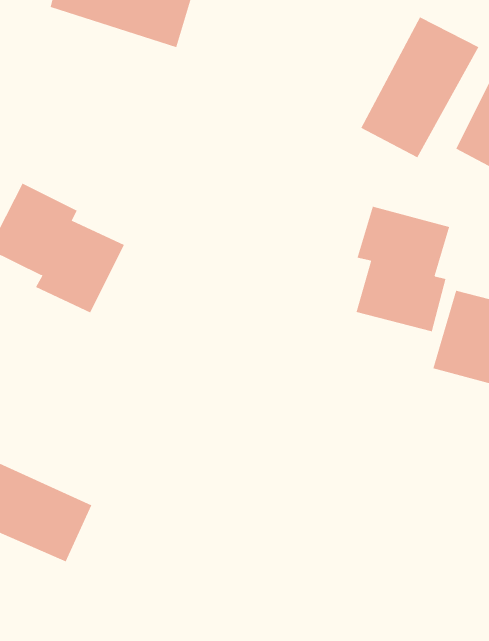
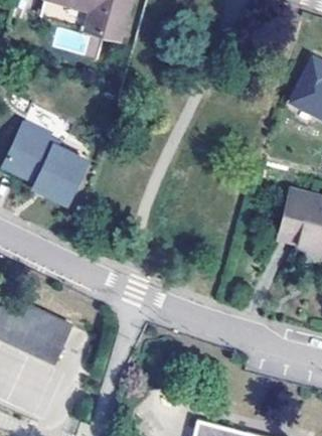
building: [361,16,479,158] -> none
building: [356,206,450,332] -> none

